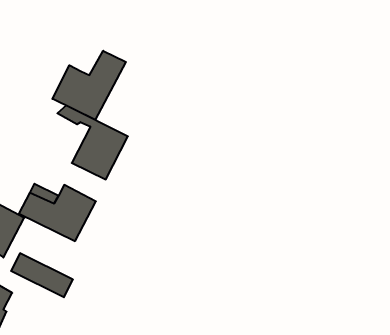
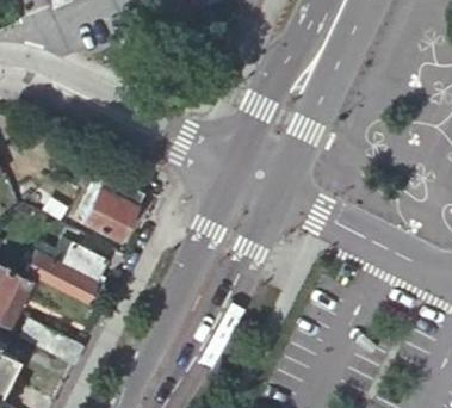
building: [52,51,126,120] -> none

